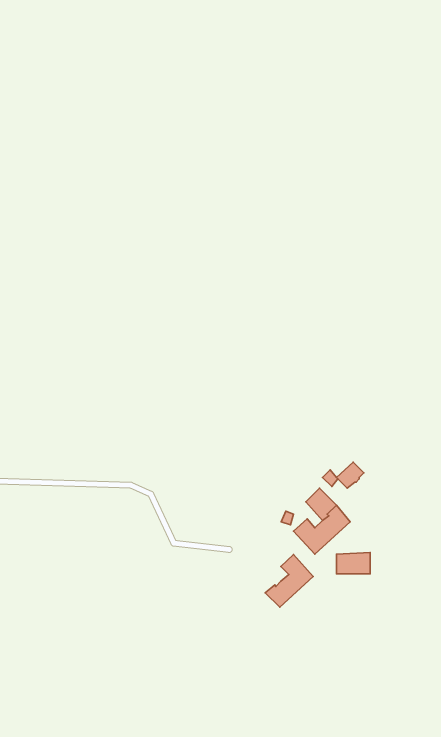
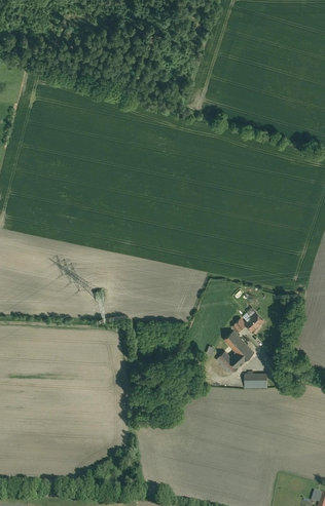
building: [265,555,313,607] -> none

